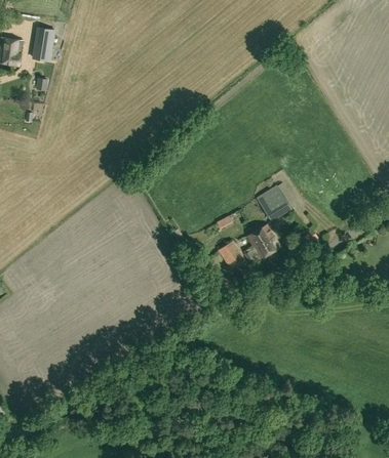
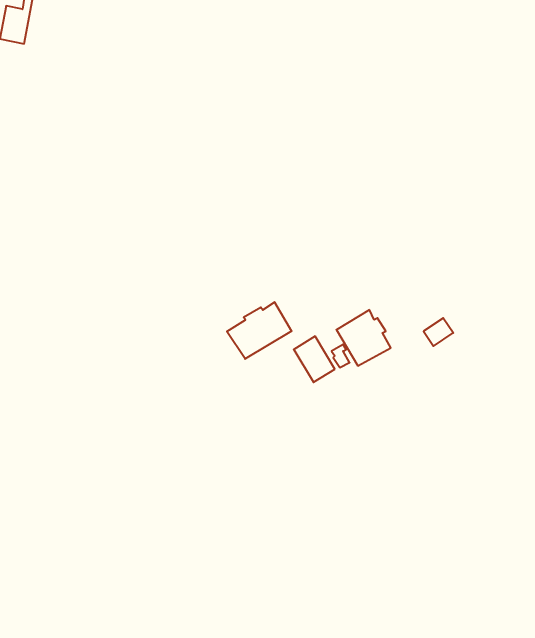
building: [257,182,289,219] -> none
building: none -> [227,302,292,359]

